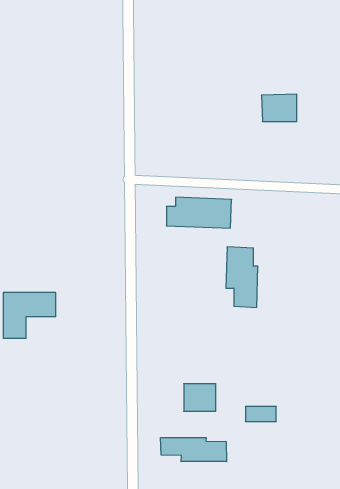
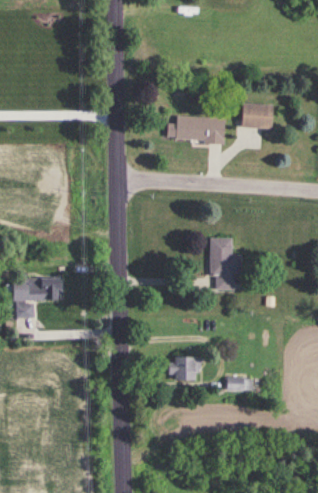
building: [166,197,232,228] -> [168,115,225,142]
building: [161,438,227,462] -> none

